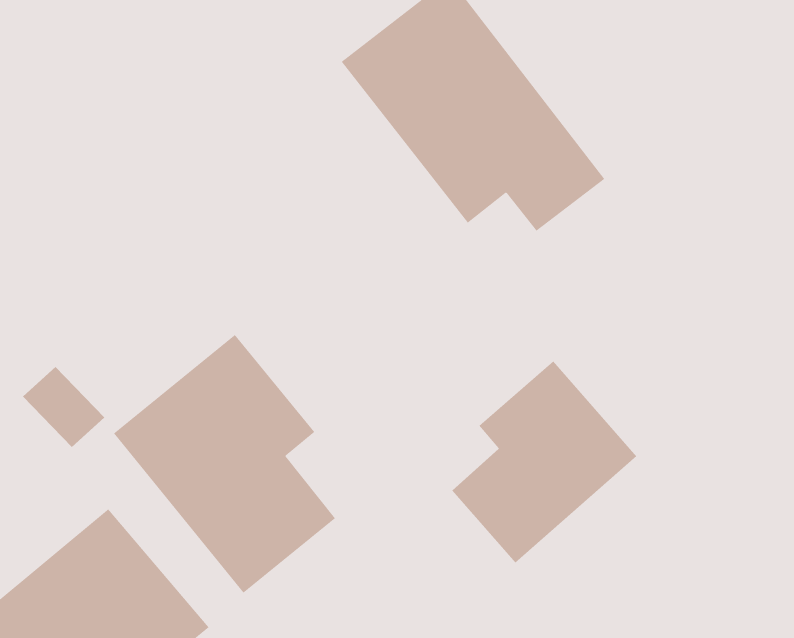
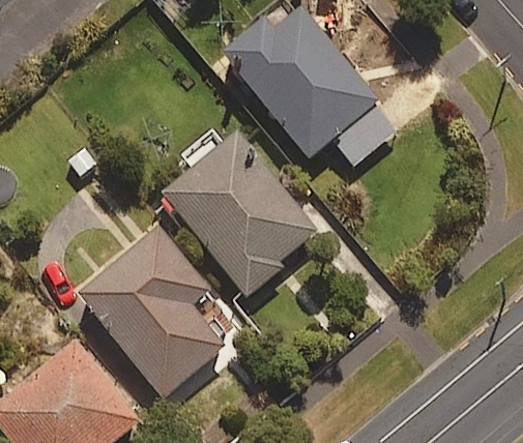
building: none -> [164,123,320,296]
building: [451,360,637,563] -> none

